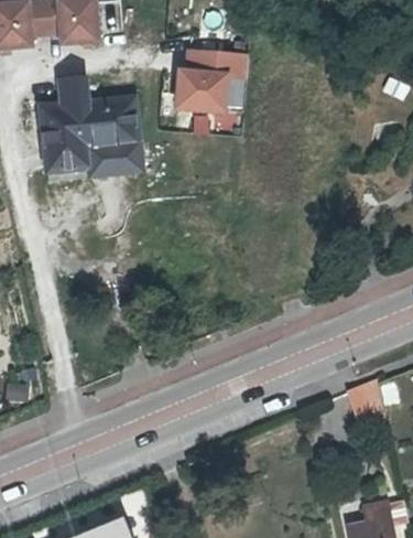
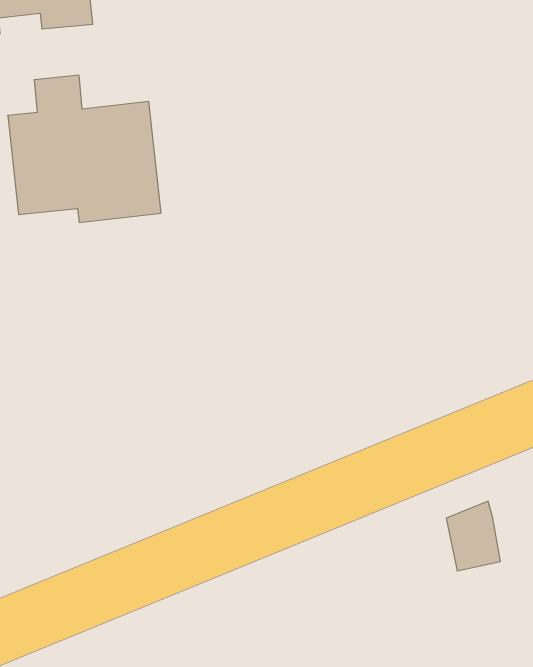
building: [176,50,248,110] -> none

